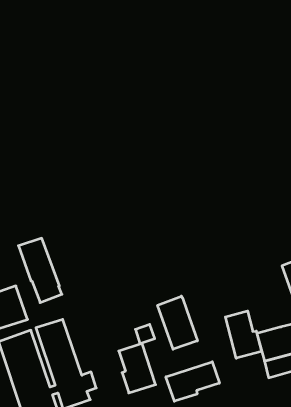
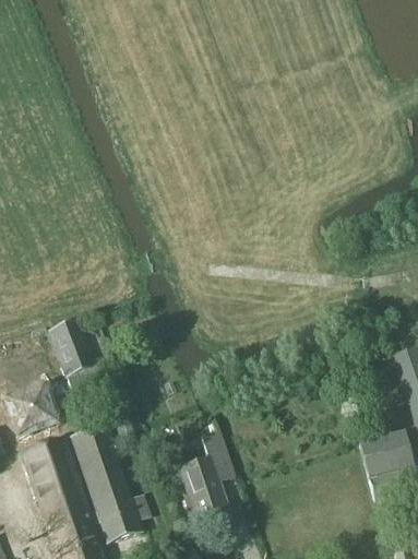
building: [158,296,197,349] -> none
building: [225,311,261,358] -> none
building: [166,362,219,401] -> none

